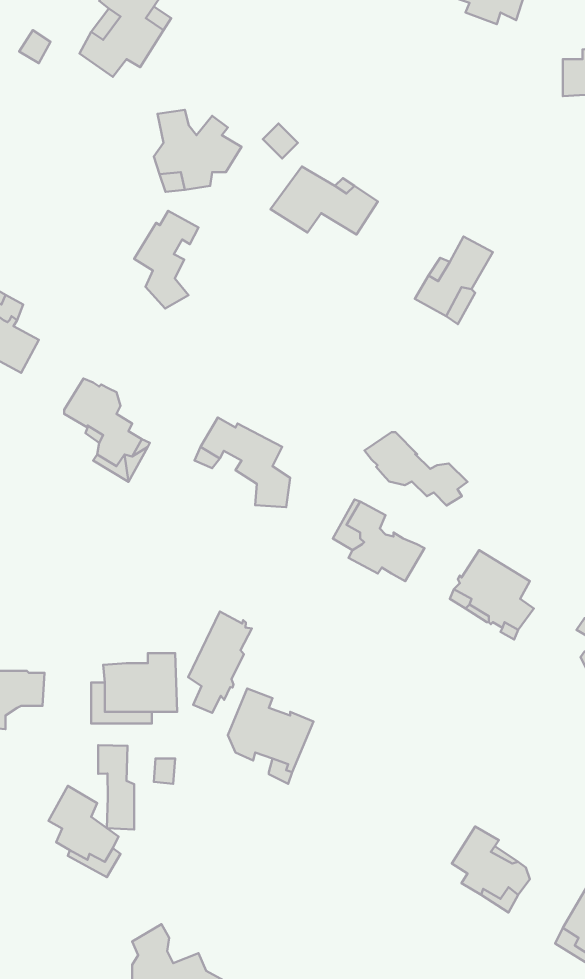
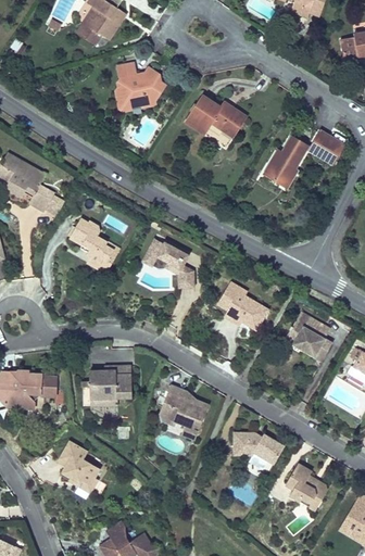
building: [134,211,198,309] -> none
building: none -> [310,130,345,164]
building: [364,432,467,505] -> none
building: [188,612,252,713] -> none
building: [98,745,134,829] -> none
building: none -> [230,433,281,464]

